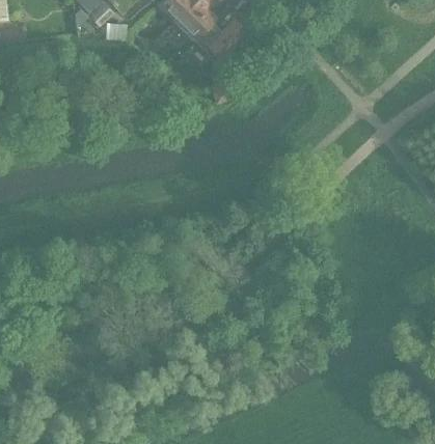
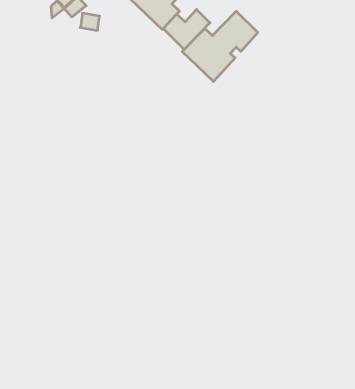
building: none -> [182,11,258,82]

